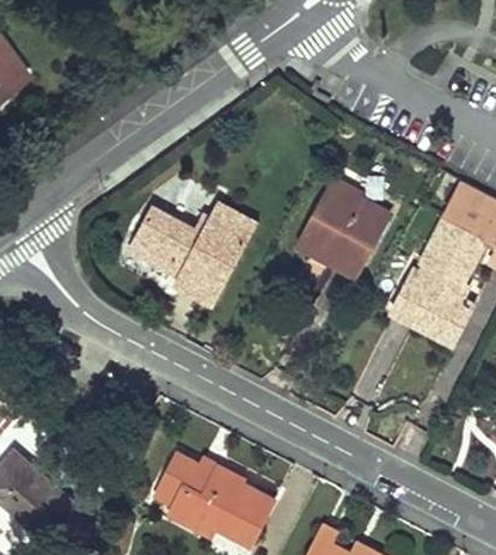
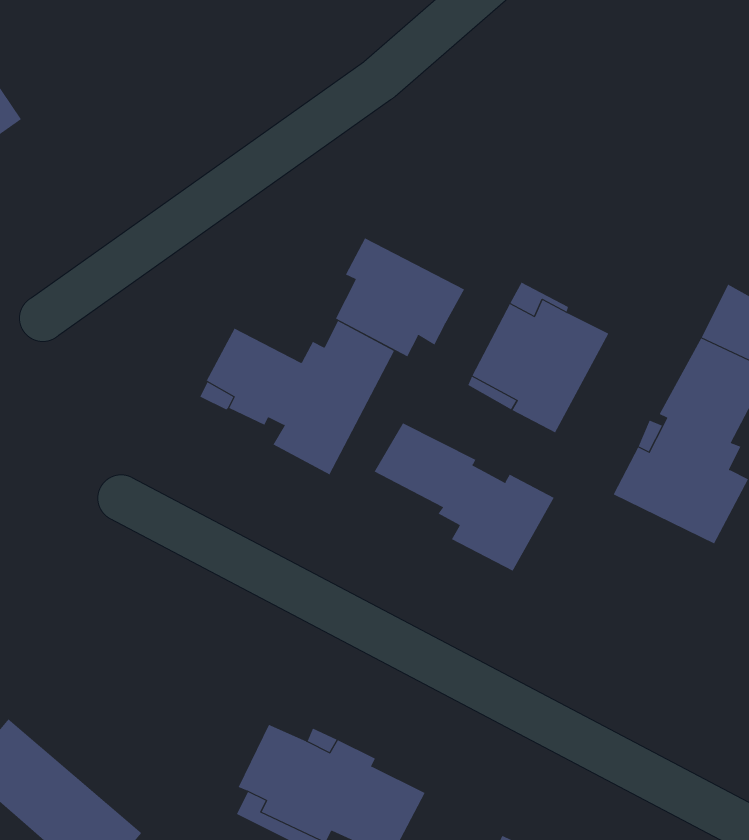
building: none -> [335,237,465,357]
building: none -> [374,423,554,571]

